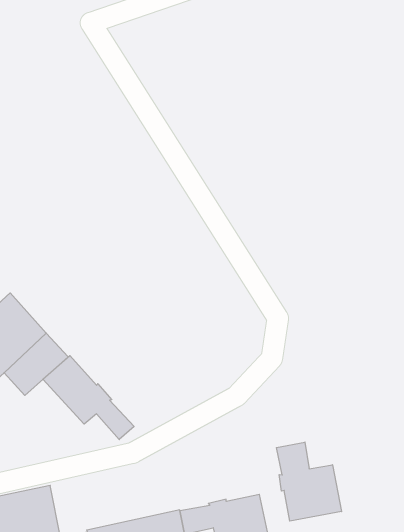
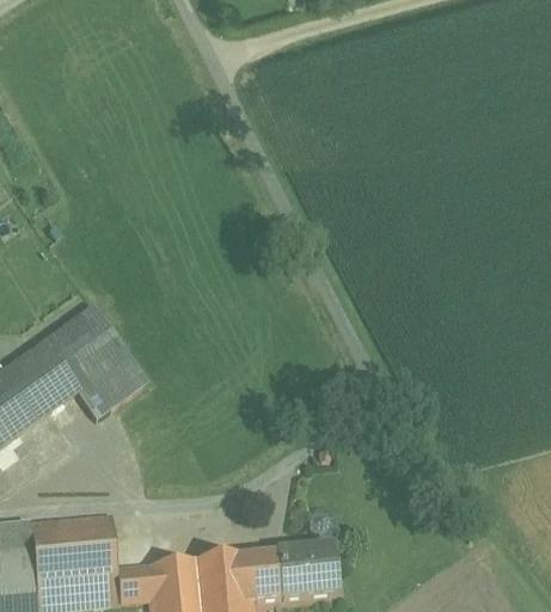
building: [43,356,134,440] -> none
building: [276,442,342,521] -> none

